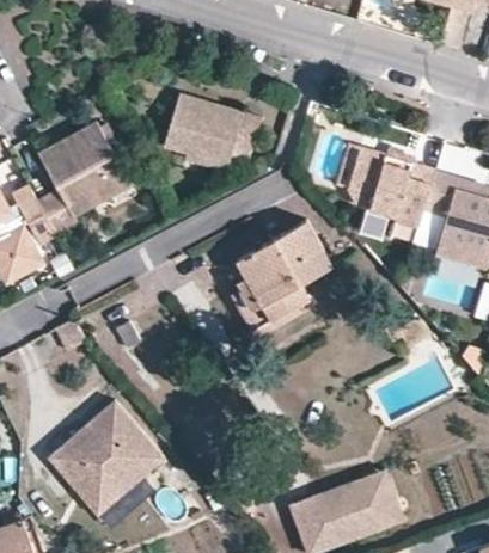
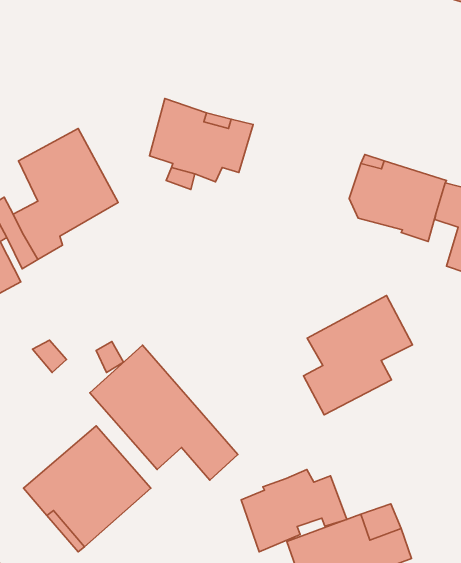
building: [228,220,329,330] -> [303,295,412,415]
building: none -> [90,345,238,480]
building: none -> [241,469,347,552]

